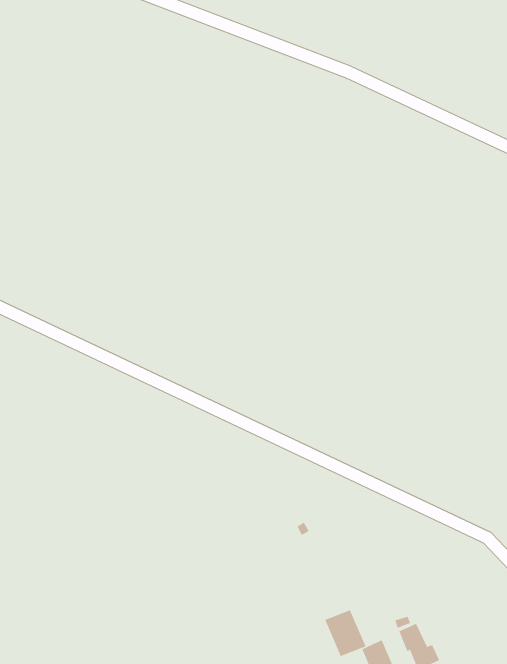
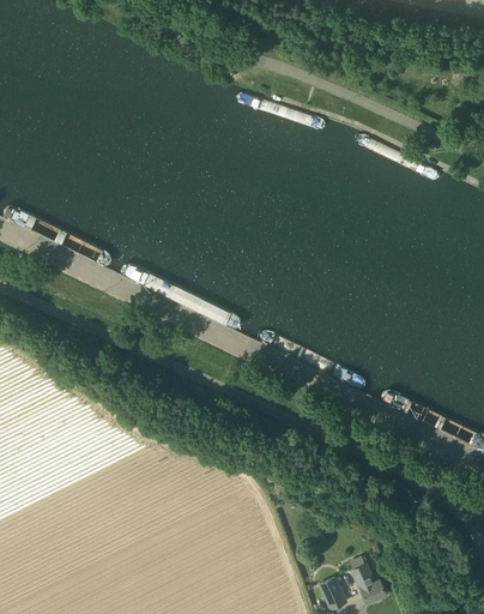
building: [325,610,366,657] -> none

